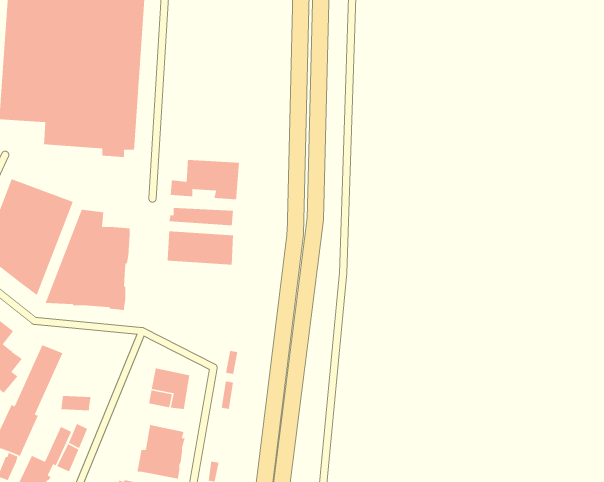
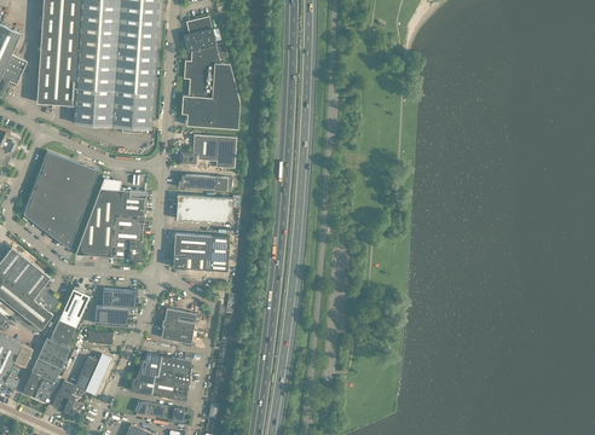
building: none -> [181,17,239,129]
building: none -> [172,233,230,271]
building: none -> [94,289,137,326]
building: none -> [129,353,162,395]

